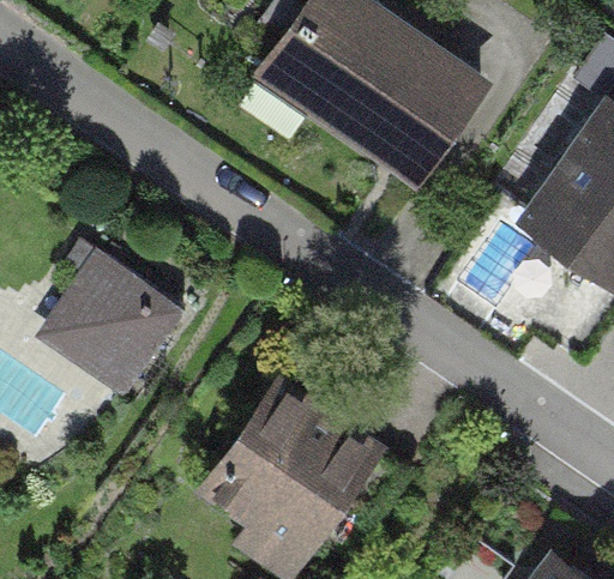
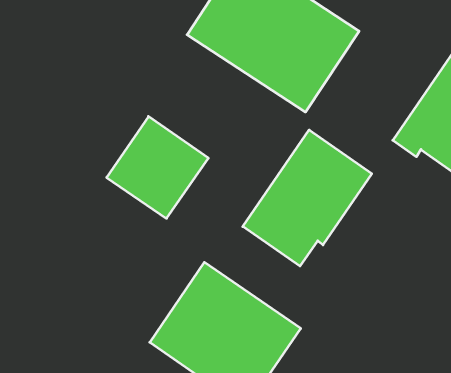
building: none -> [243,130,372,266]
building: [46,253,180,387] -> [107,116,208,218]

